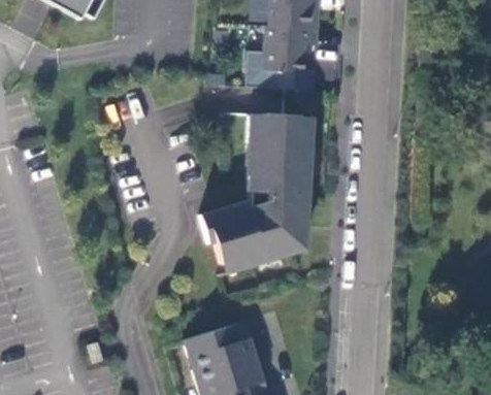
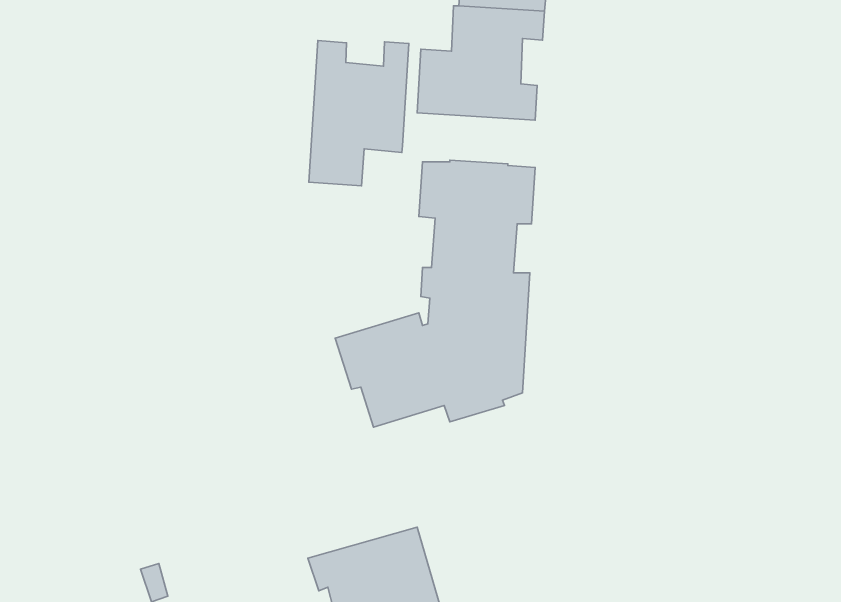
building: none -> [309,41,409,186]

